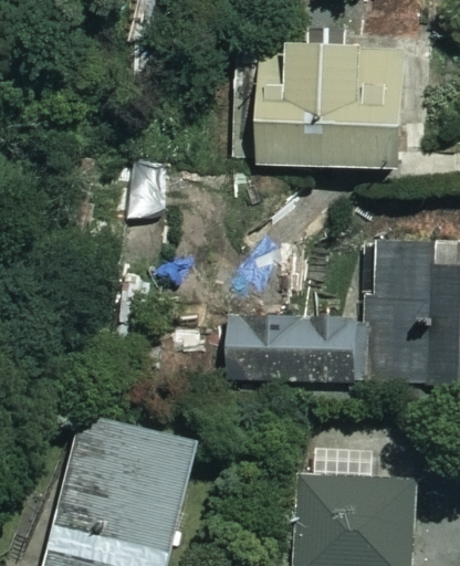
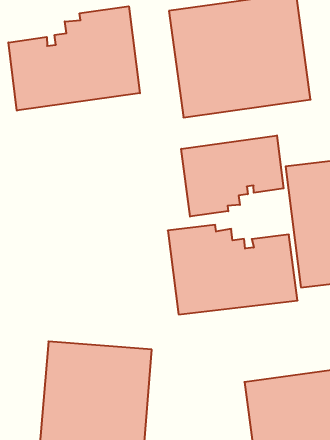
building: none -> [8,6,140,111]
building: none -> [181,135,284,217]

